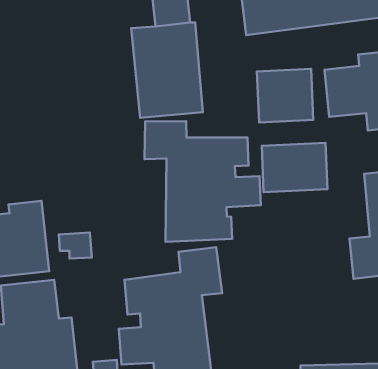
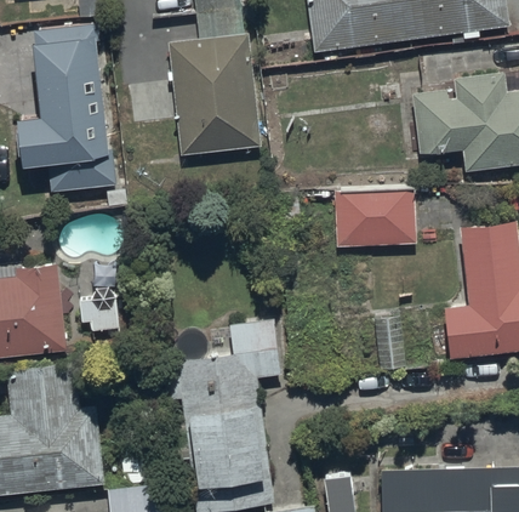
building: none -> [18,33,116,193]
building: [257,69,313,122] -> none
building: [145,121,261,242] -> none

